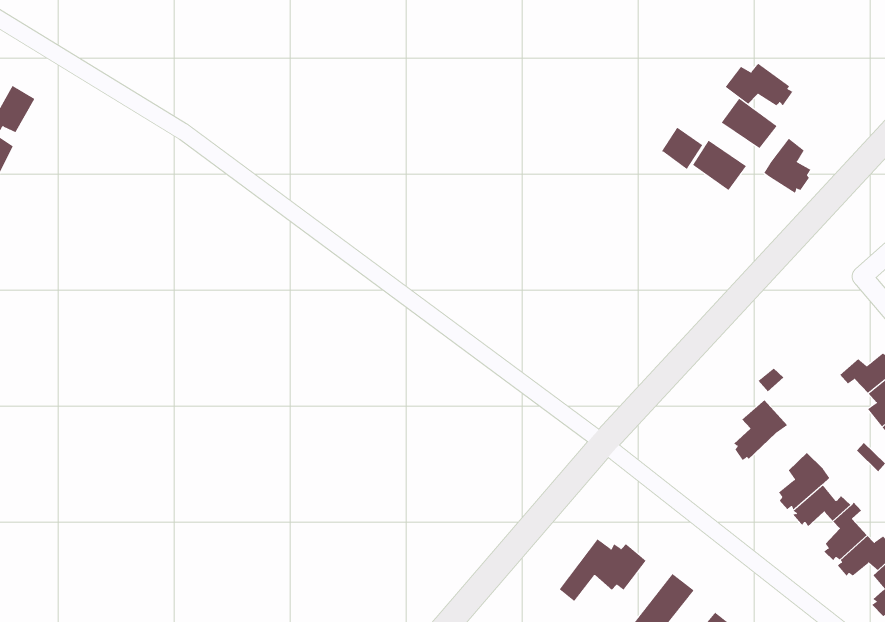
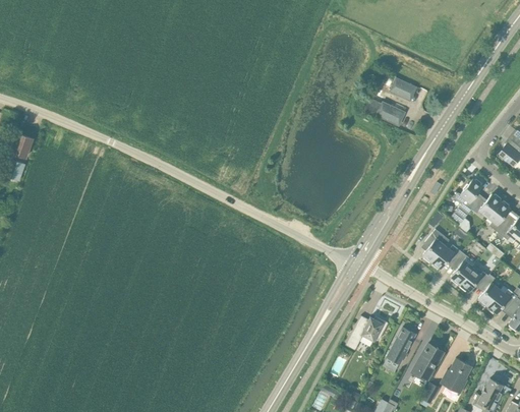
building: [725,63,793,109] -> none
building: [764,138,811,194] -> none
building: none -> [455,180,482,219]
building: none -> [432,246,462,270]

